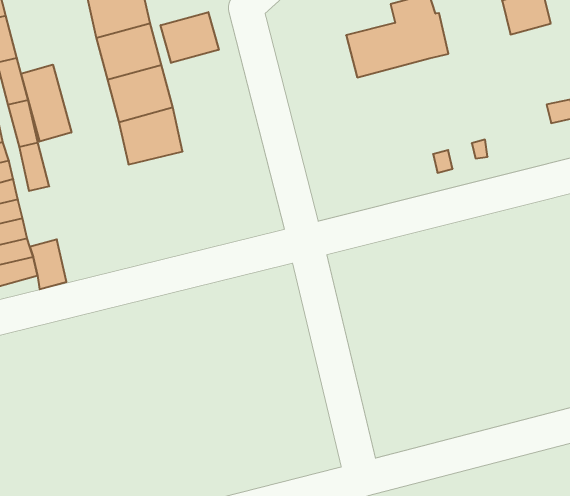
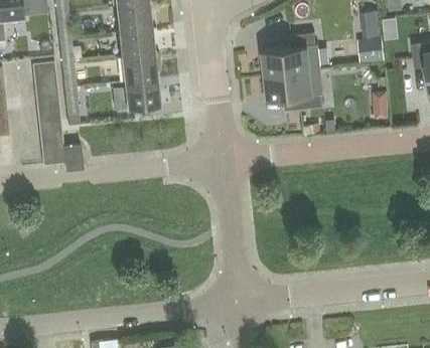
building: [161,12,219,63] -> none
building: none -> [266,69,323,109]
building: [21,65,71,142] -> none

